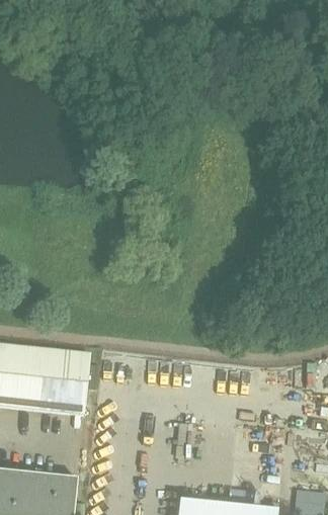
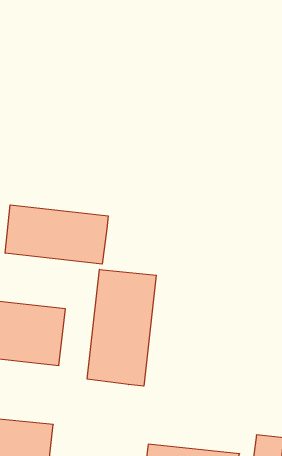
building: none -> [5,205,108,264]
building: none -> [87,269,156,386]

